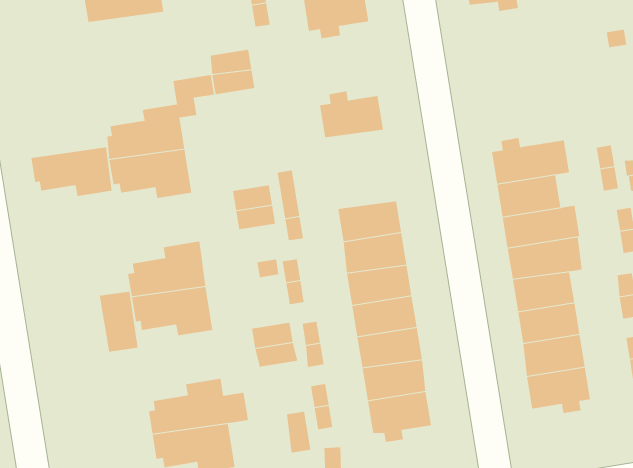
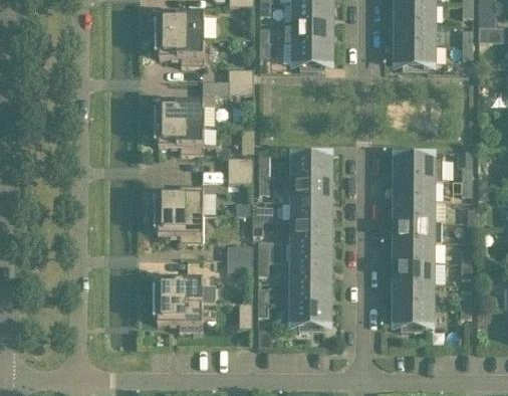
building: [319,91,384,138] -> [292,152,330,180]
building: [30,147,113,197] -> [155,36,204,65]
building: [99,291,138,352] -> none

